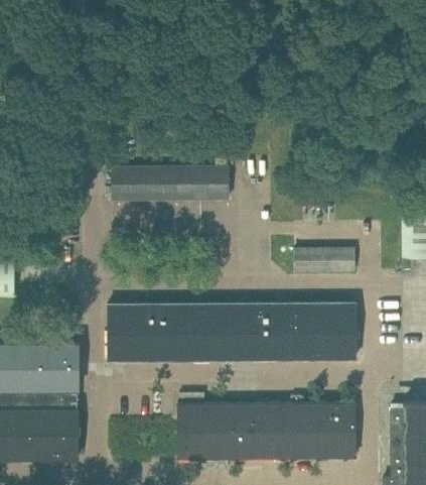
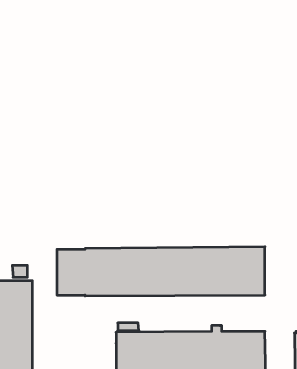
building: [119,158,228,200] -> none
building: [293,249,354,271] -> none

